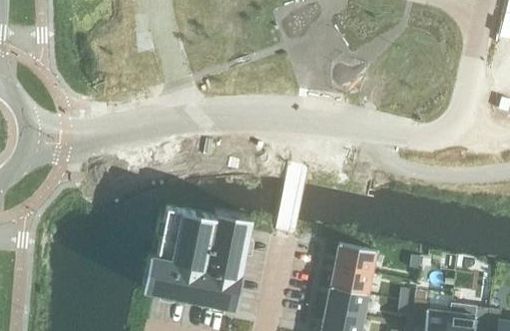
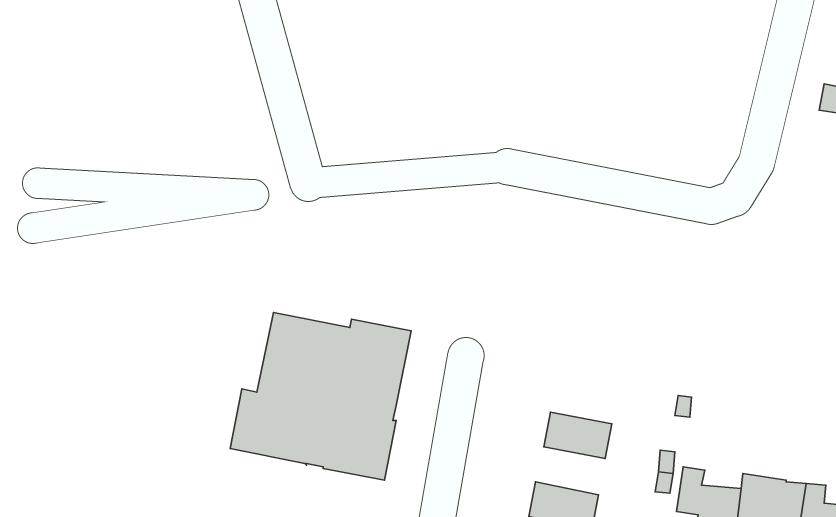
building: [335,245,377,274] -> none
building: [326,288,368,317] -> none

